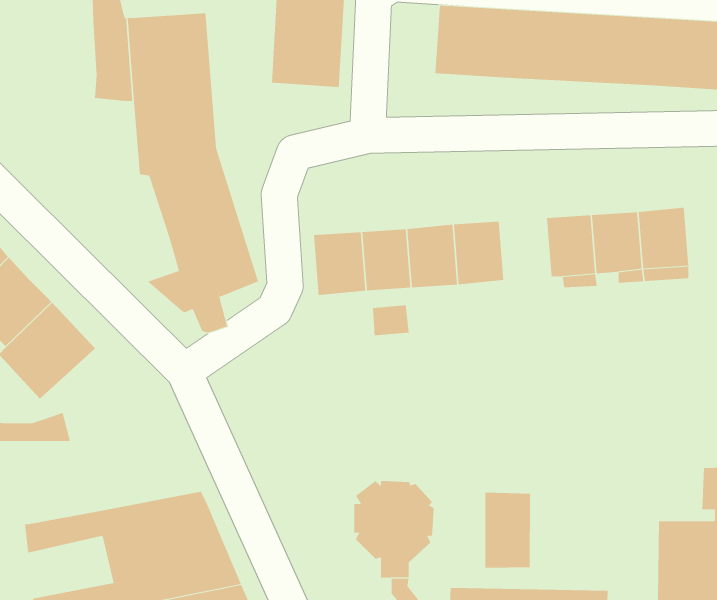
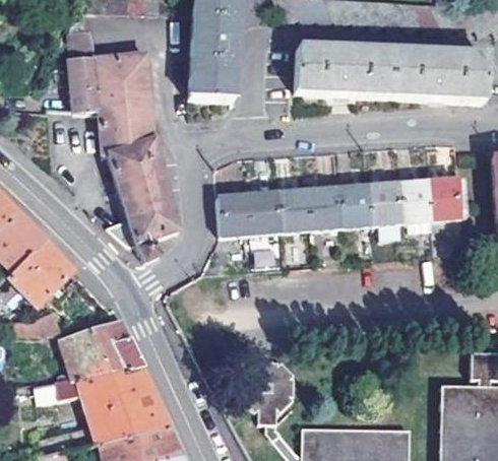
building: none -> [337,185,371,225]
building: none -> [63,317,142,377]
building: [485,492,530,569] -> none

